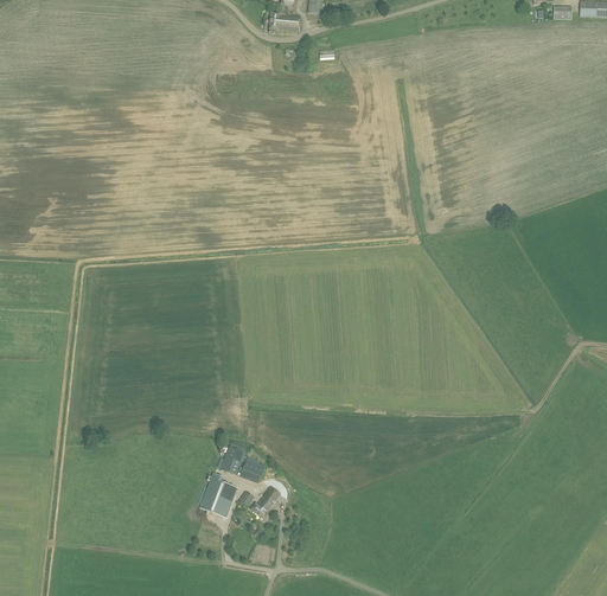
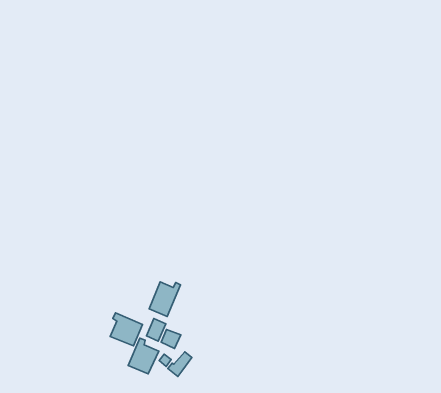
building: none -> [149,282,181,316]
building: none -> [110,313,143,346]

